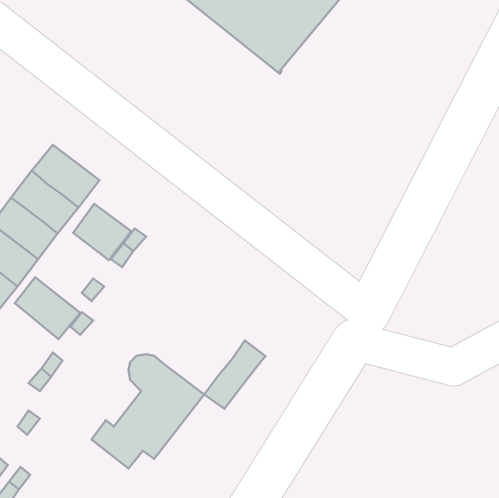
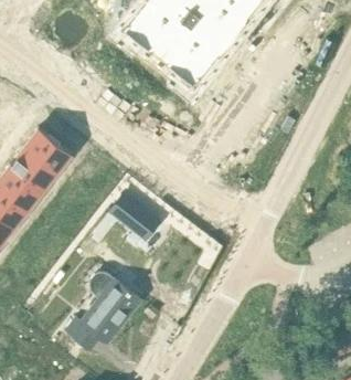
building: [73,204,131,260] -> [108,194,148,233]
building: [15,277,80,339] -> none
building: [204,340,265,409] -> none

